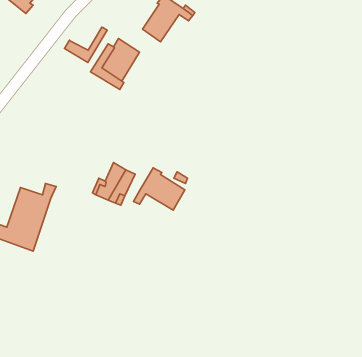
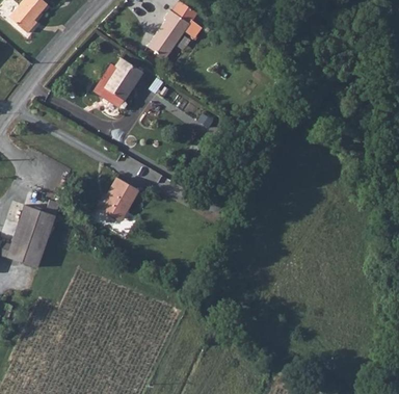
building: [64,27,107,63] -> none
building: [134,168,185,210] -> none

